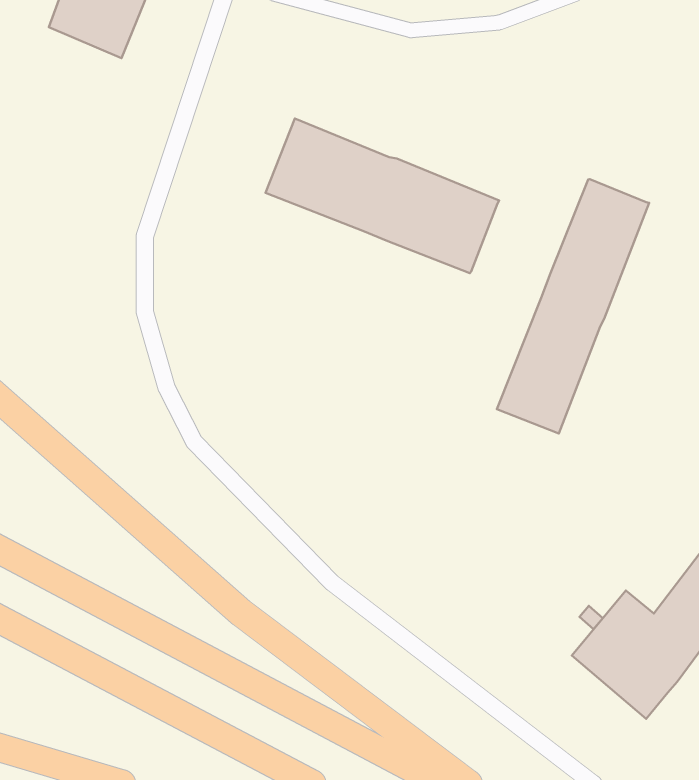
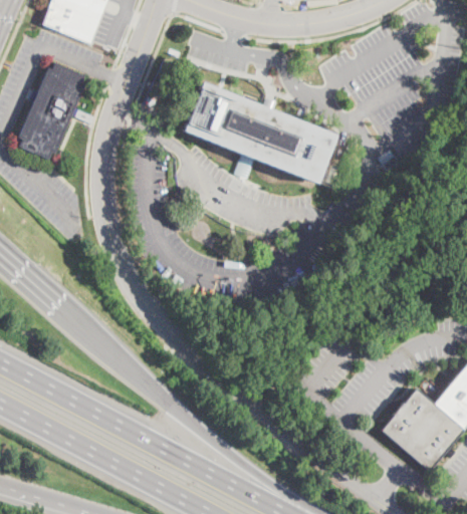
building: none -> [19,63,85,160]
building: [497,179,649,434] -> none

